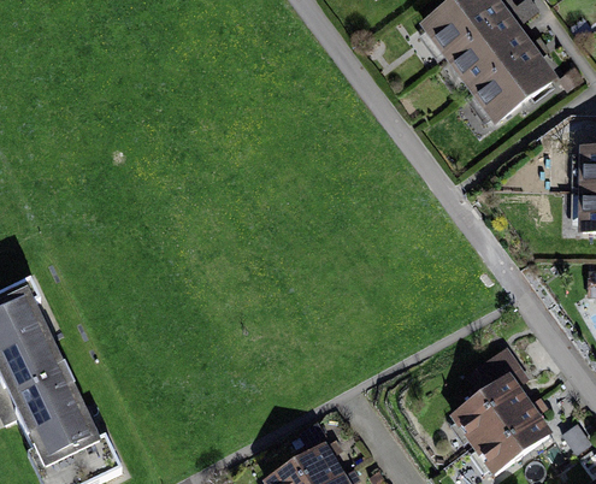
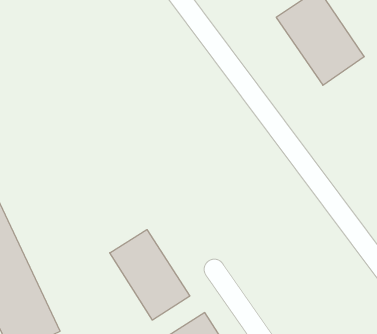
building: none -> [110,230,190,320]
building: [448,374,542,468] -> none

